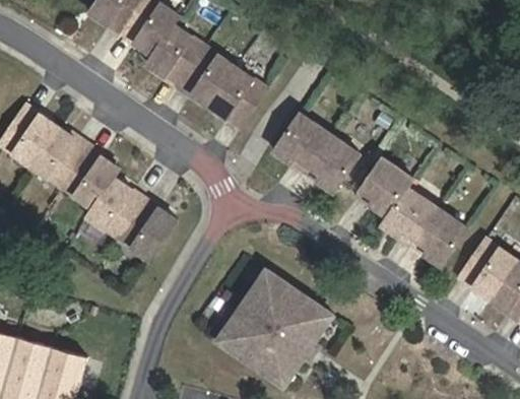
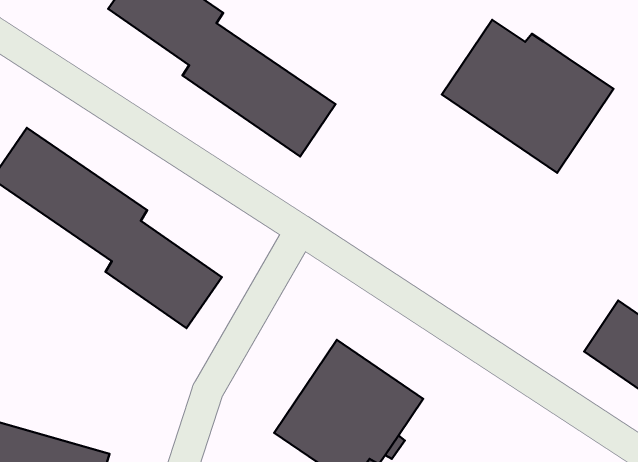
building: none -> [442,20,613,173]
building: [271,111,360,192] -> none
building: [356,159,467,266] -> none

